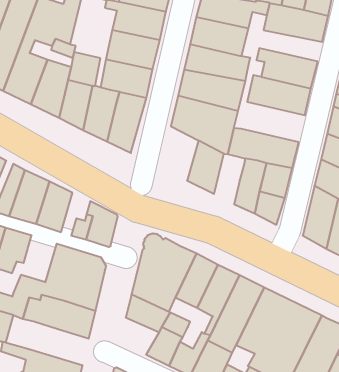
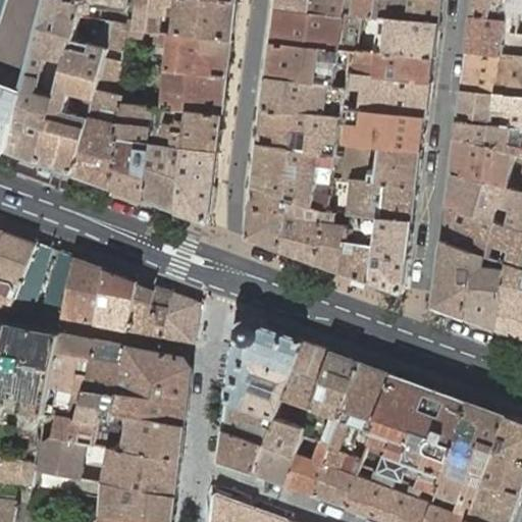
building: none -> [353,51,431,84]
building: none -> [341,144,419,188]
building: none -> [245,185,289,251]
building: none -> [315,212,350,274]
building: none -> [127,281,160,335]
building: none -> [71,341,123,398]
building: none -> [217,431,264,475]
building: none -> [102,449,176,498]

